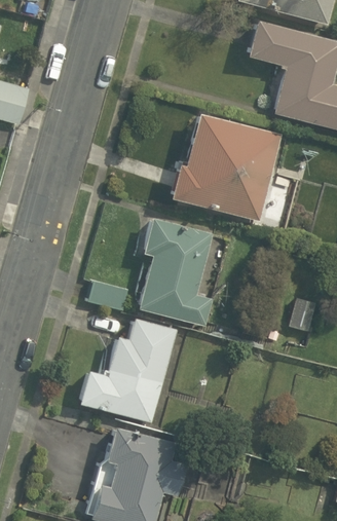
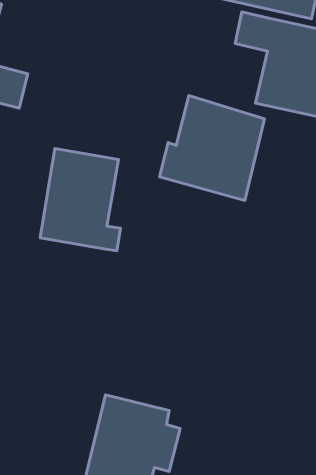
building: [133,217,217,324] -> [40,149,121,251]
building: [81,319,175,420] -> none

